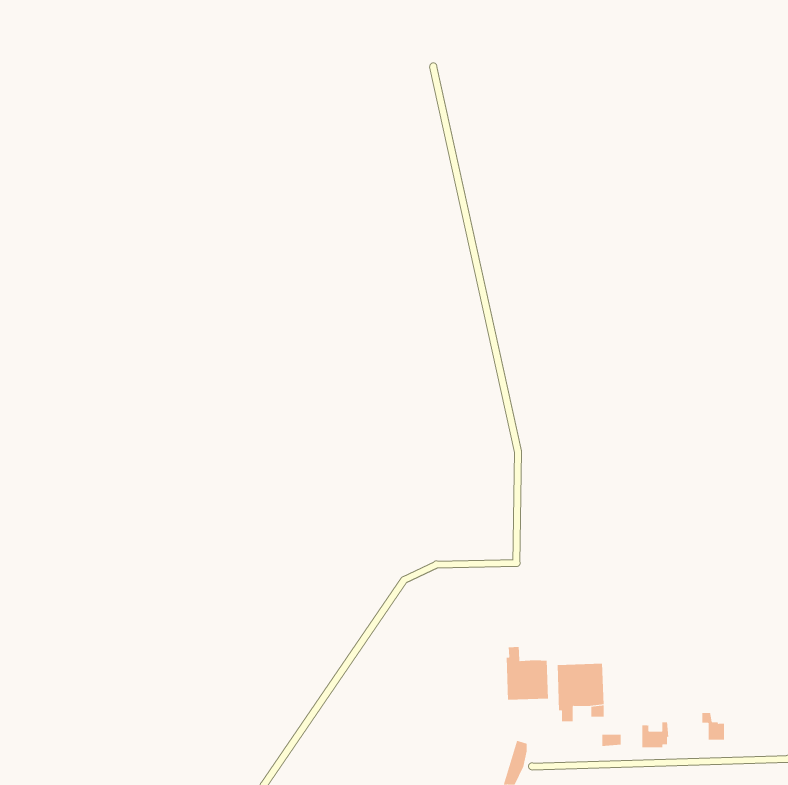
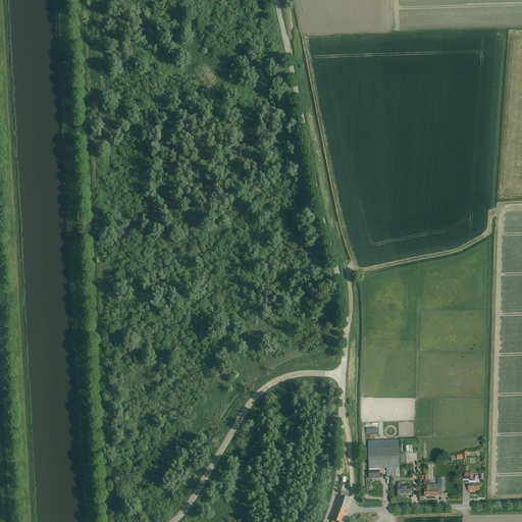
building: [506,646,548,701] -> none

